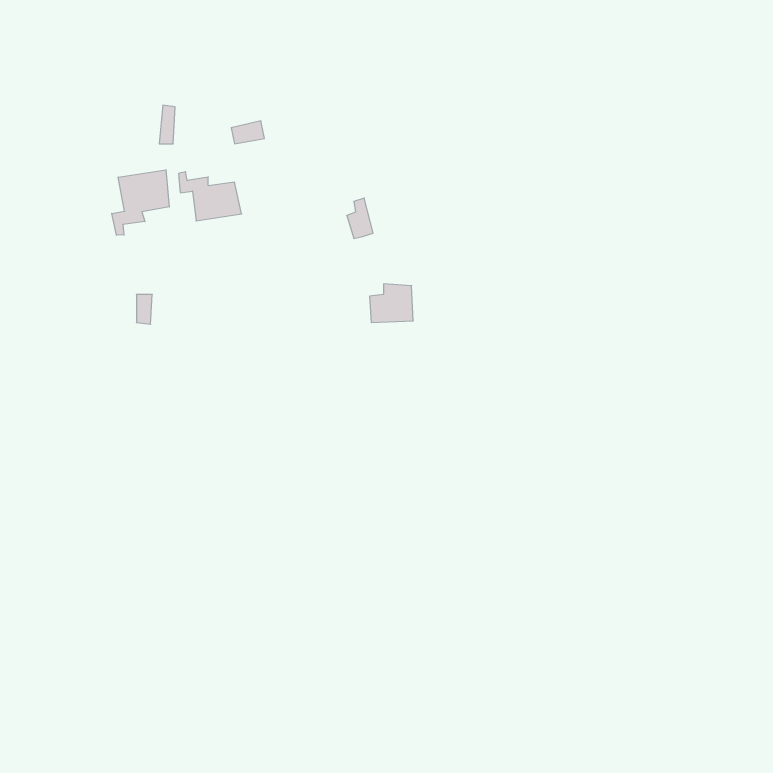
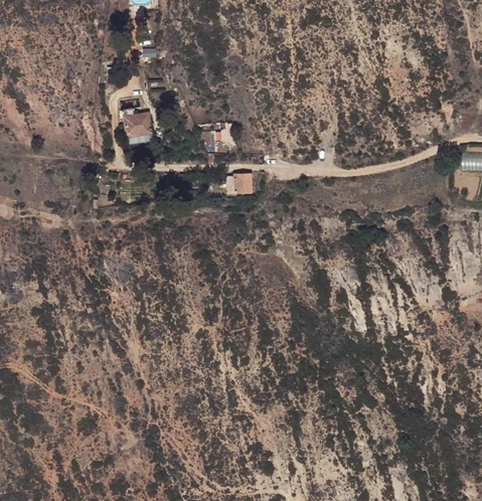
building: [112,170,169,235] -> none

